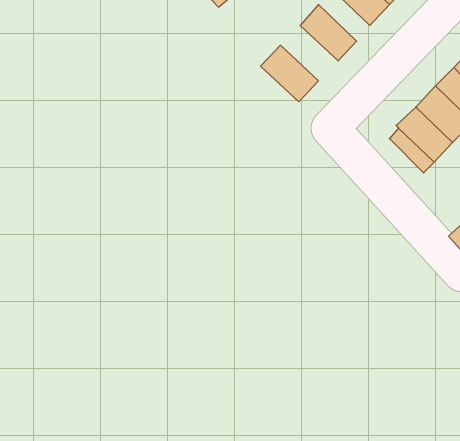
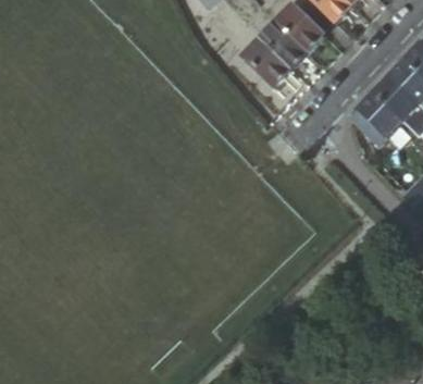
building: none -> [265,28,313,74]

